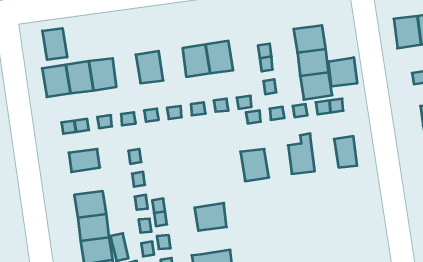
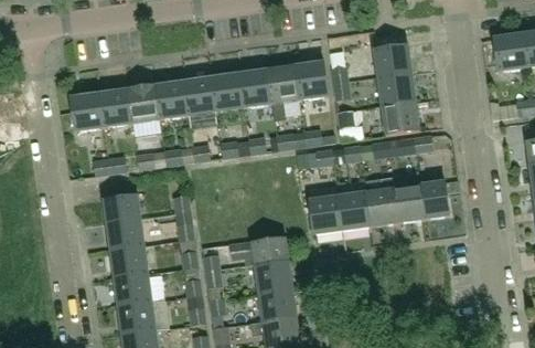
building: [42,28,67,60] -> none
building: none -> [296,61,330,99]
building: none -> [212,73,245,112]
building: none -> [157,81,190,119]
building: [328,57,357,86] -> none
building: none -> [395,182,428,221]
building: none -> [339,190,372,229]
building: none -> [107,217,145,250]
building: none -> [252,238,290,265]
building: none -> [259,288,298,321]

